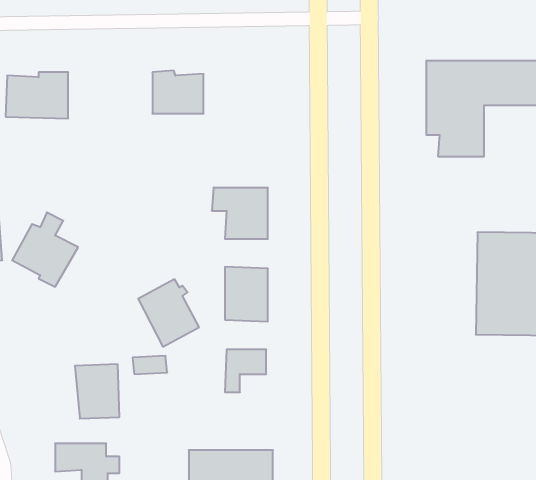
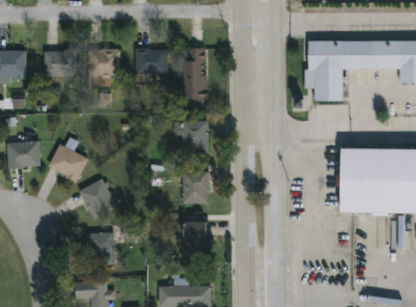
building: none -> [87,48,121,82]
building: none -> [179,48,207,100]
building: [138,279,199,347] -> [79,177,117,220]

